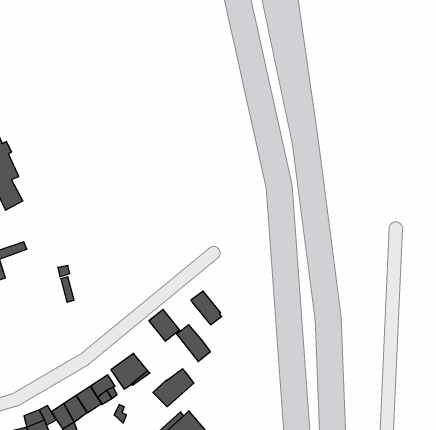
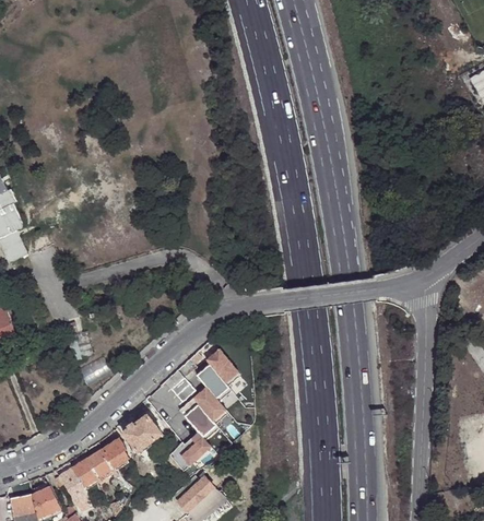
building: none -> [196,362,232,400]
building: none -> [179,395,219,438]

